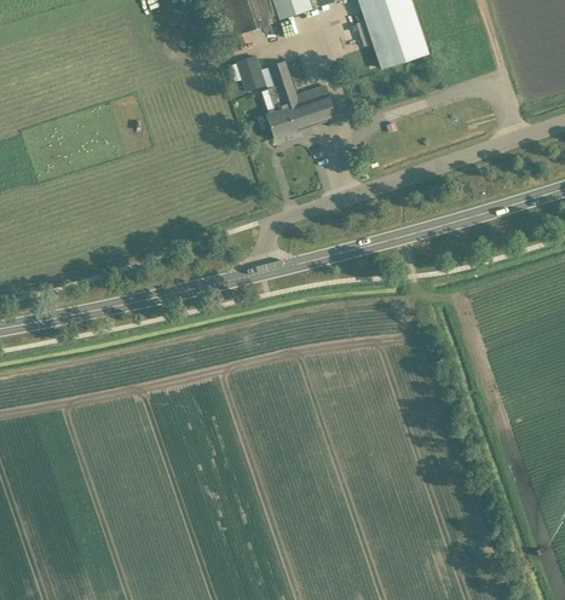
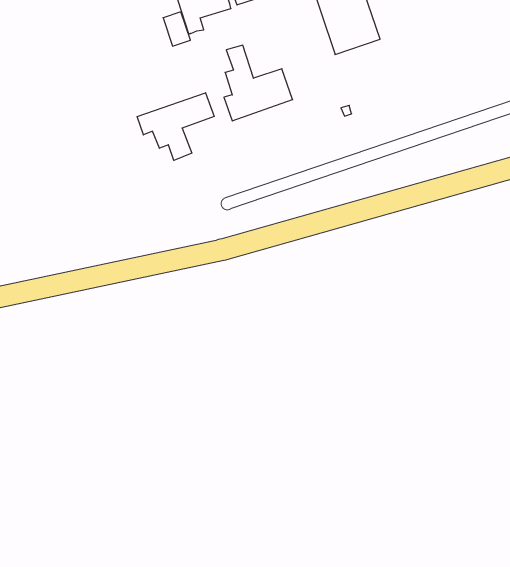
building: [238,54,266,90] -> [163,12,190,46]
building: none -> [137,93,214,160]

